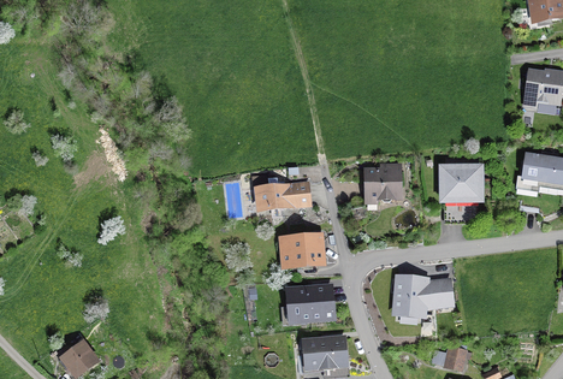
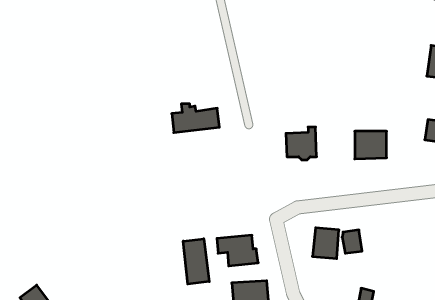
building: [256,178,310,211] -> [172,104,219,133]
building: [281,236,321,266] -> none
building: none -> [183,239,209,284]

